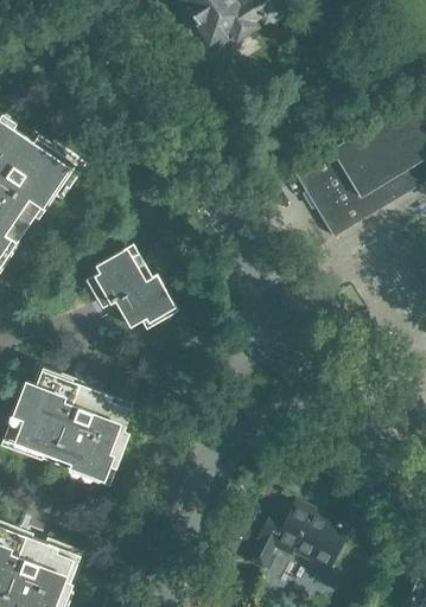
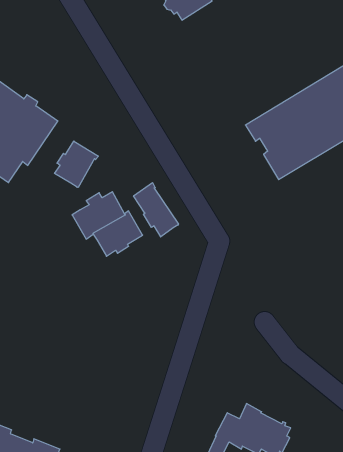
building: none -> [55,141,98,187]
building: none -> [134,183,178,237]
building: [12,371,127,479] -> none

